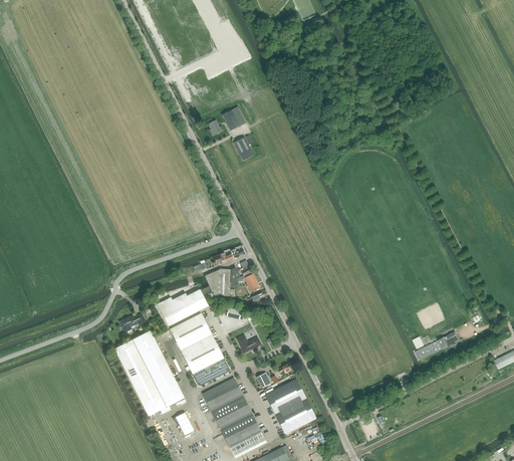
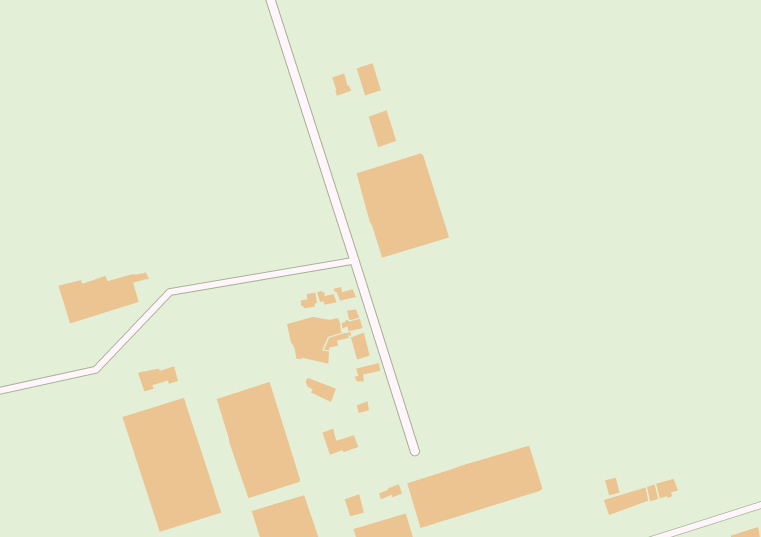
building: none -> [356,152,450,259]
building: [157,286,212,325] -> [58,272,150,324]
building: none -> [407,445,543,529]

